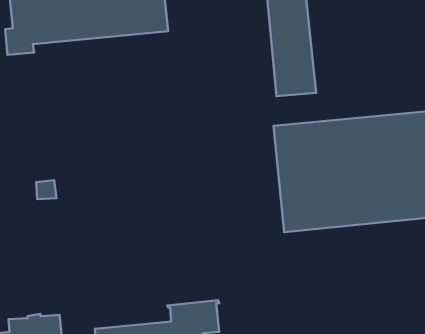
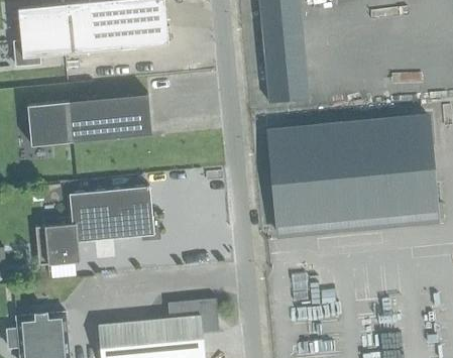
building: none -> [26,93,151,145]
building: none -> [40,186,153,264]

